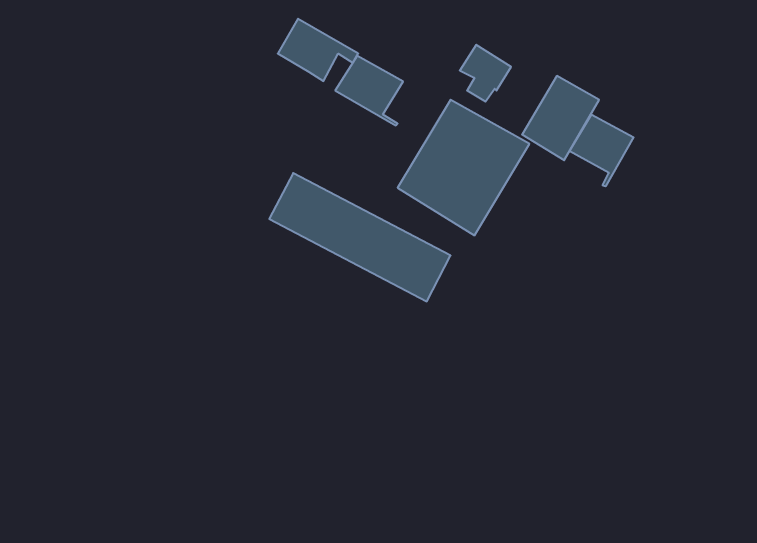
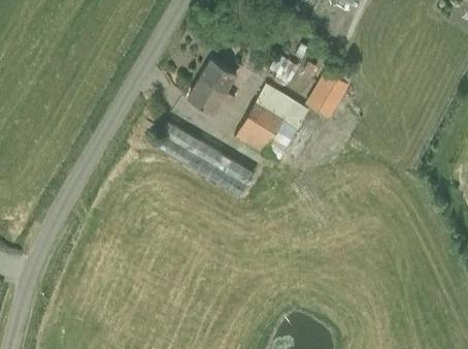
building: [278,19,358,81] -> [187,80,232,115]
building: [570,115,634,186] -> none

